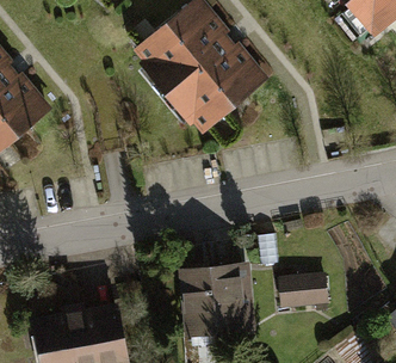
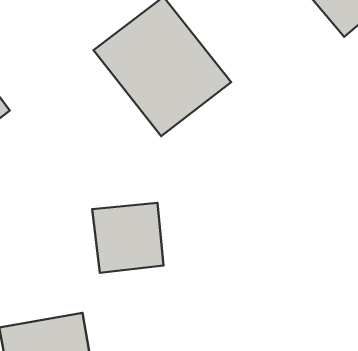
building: [184,265,253,333] -> [92,203,164,273]
building: [281,275,327,304] -> none

